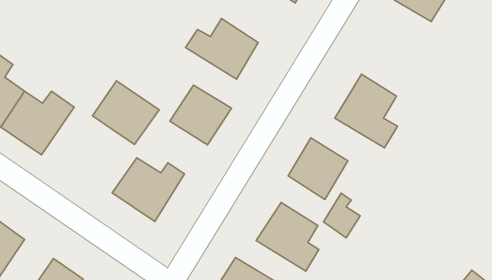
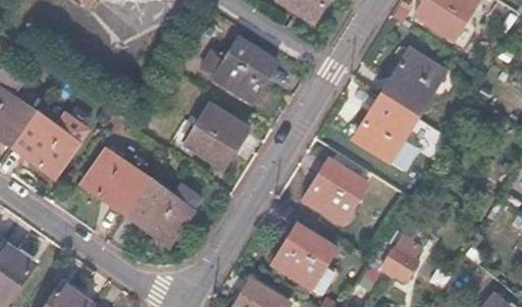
building: none -> [380,50,443,116]
building: [93,81,159,145] -> [82,150,150,215]
building: [323,193,360,238] -> [382,237,420,283]

